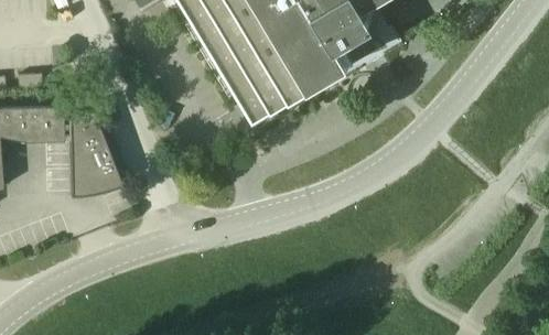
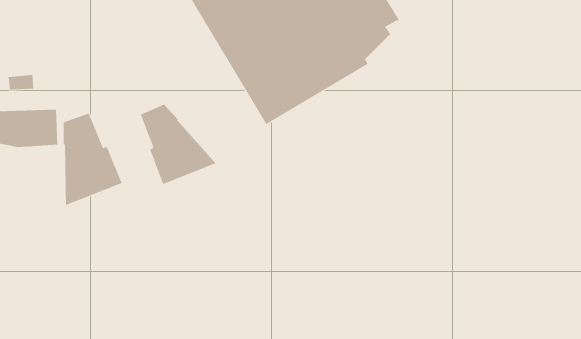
building: none -> [140,104,216,185]

